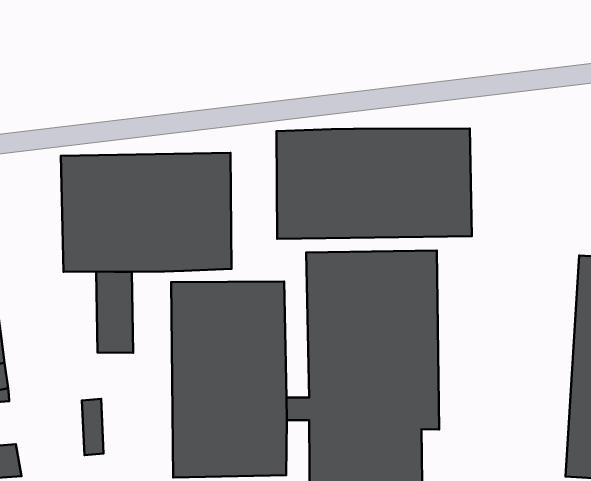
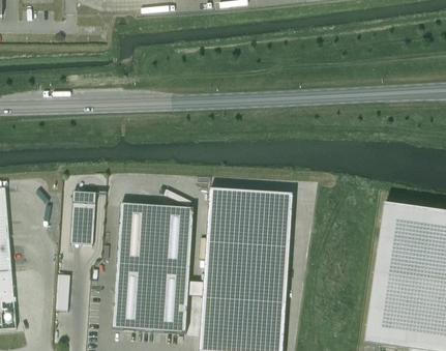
building: [277,128,472,239] -> none
building: [61,153,232,272] -> none

